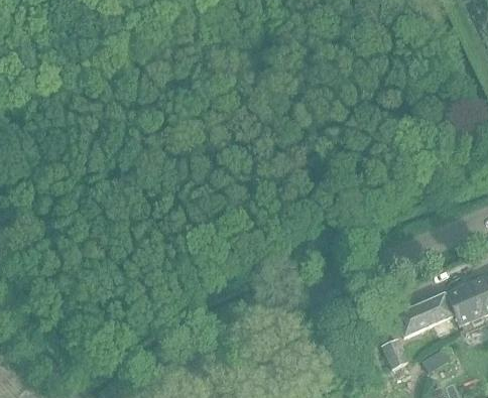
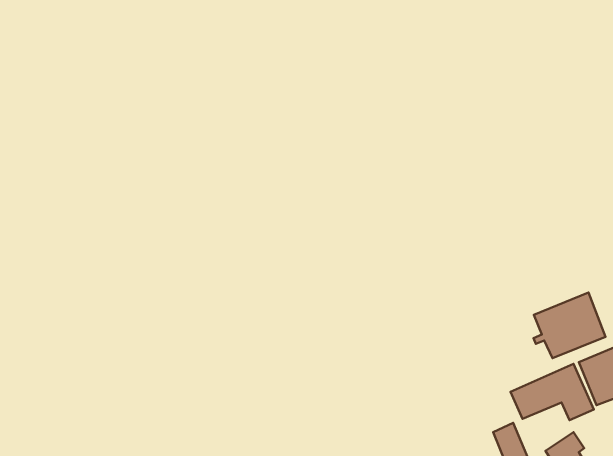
building: none -> [534,292,605,358]

